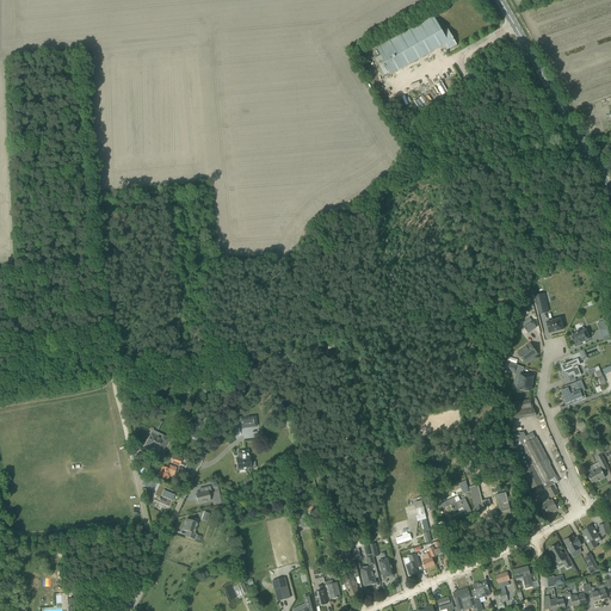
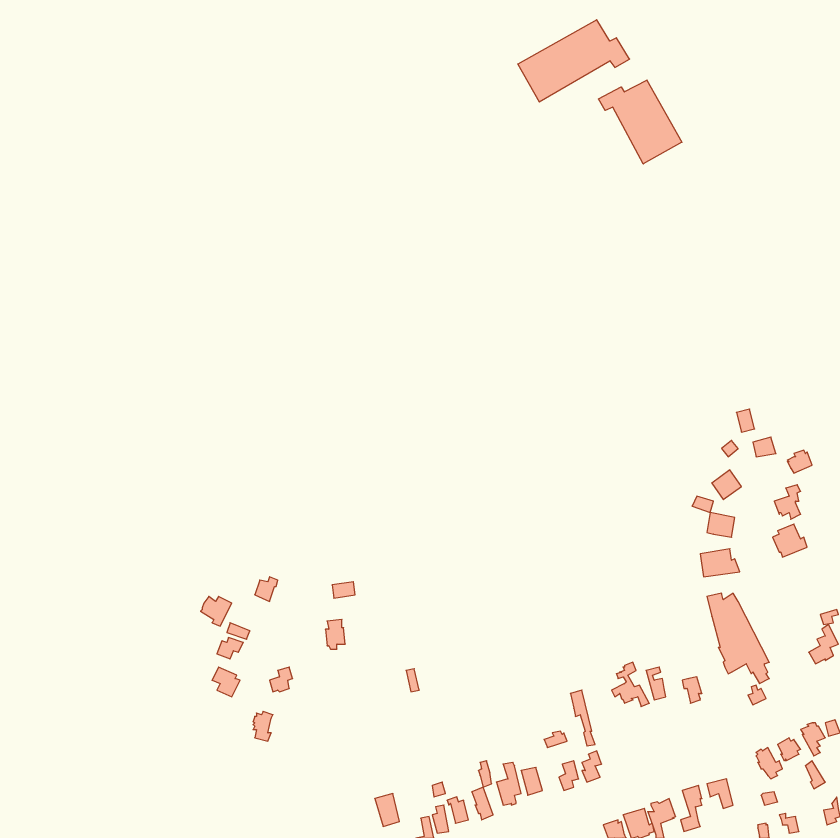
building: none -> [598,80,682,164]

